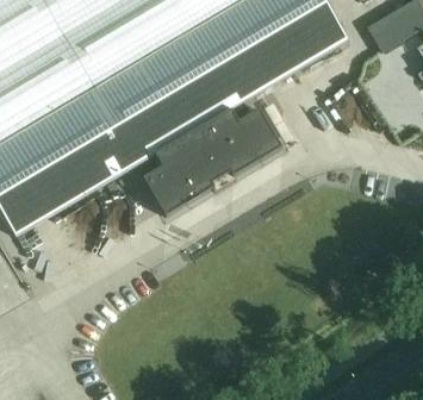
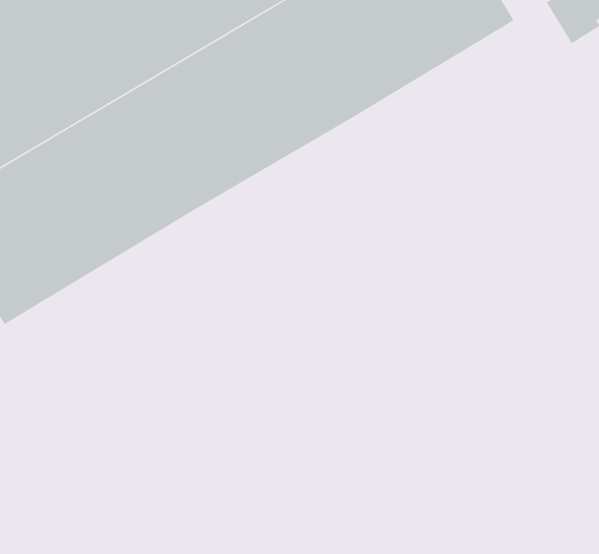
building: [138,100,280,213] -> none

